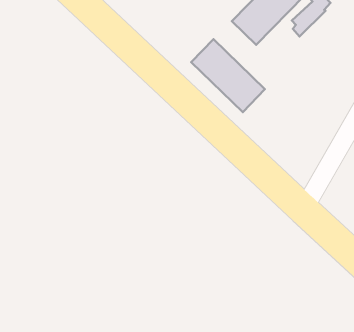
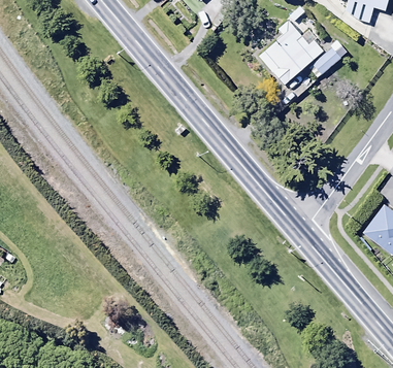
building: [191,39,265,112] -> none

